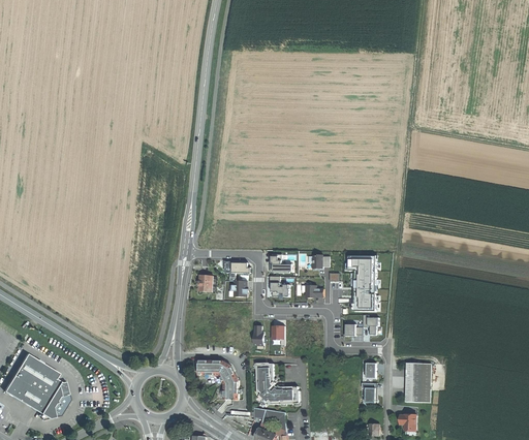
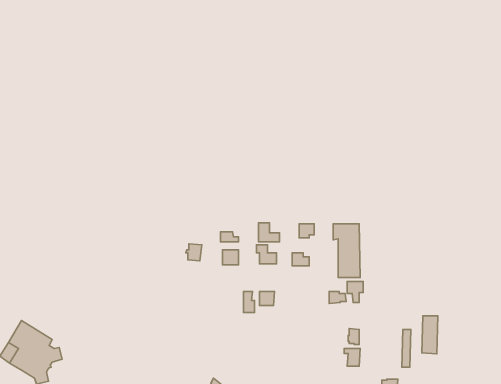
building: [196,358,238,400] -> none
building: [255,364,298,405] -> none
building: [404,364,421,403] -> [422,316,438,354]

